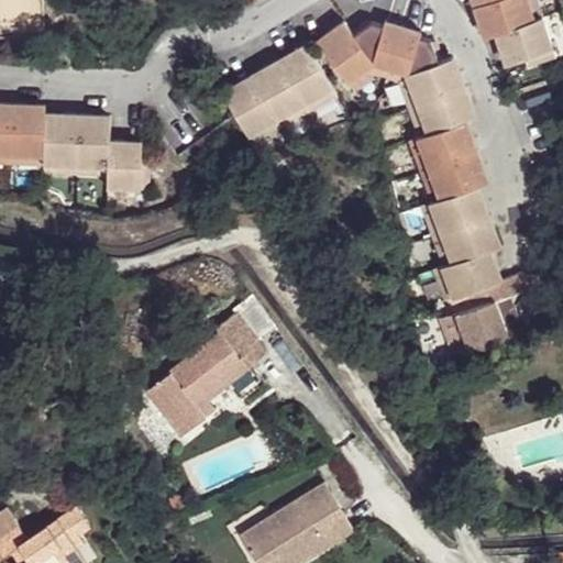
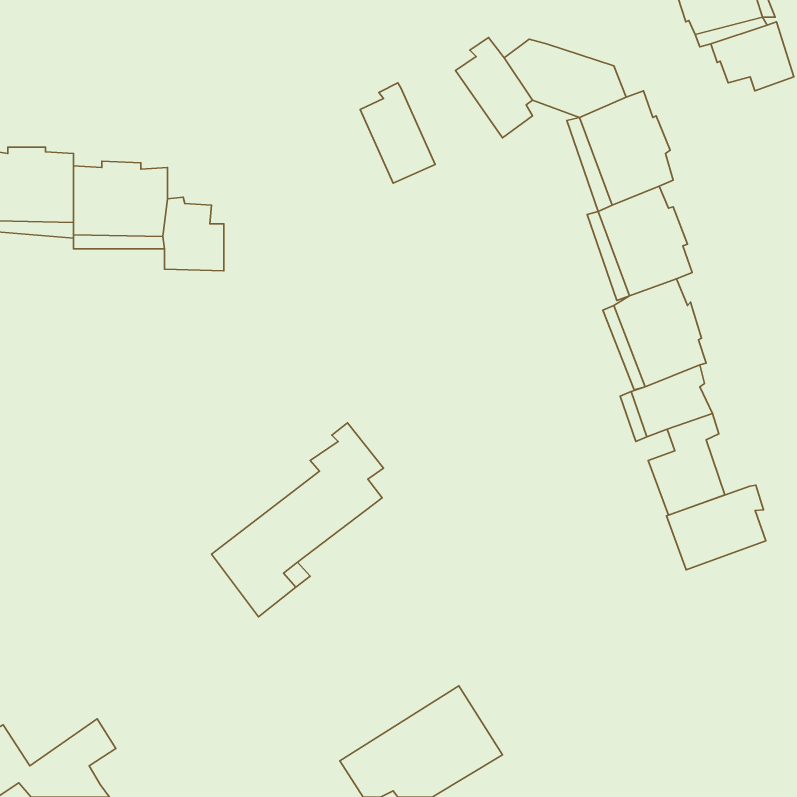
building: [282,45,335,115] -> none
building: [222,71,276,135] -> none
building: none -> [667,485,766,570]

